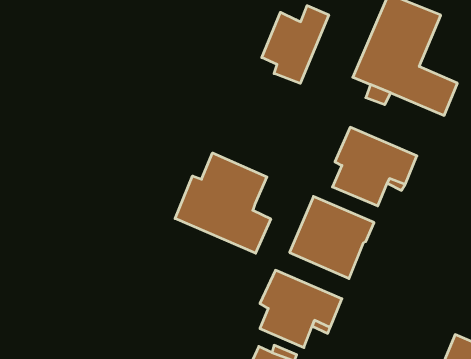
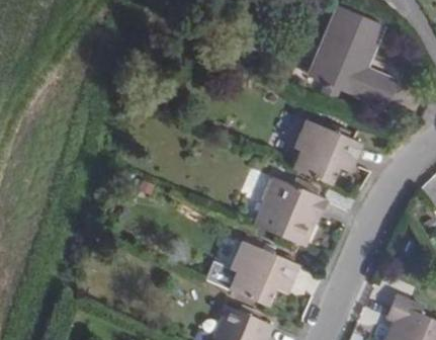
building: [262,6,329,83] -> none
building: [175,153,271,253] -> none

